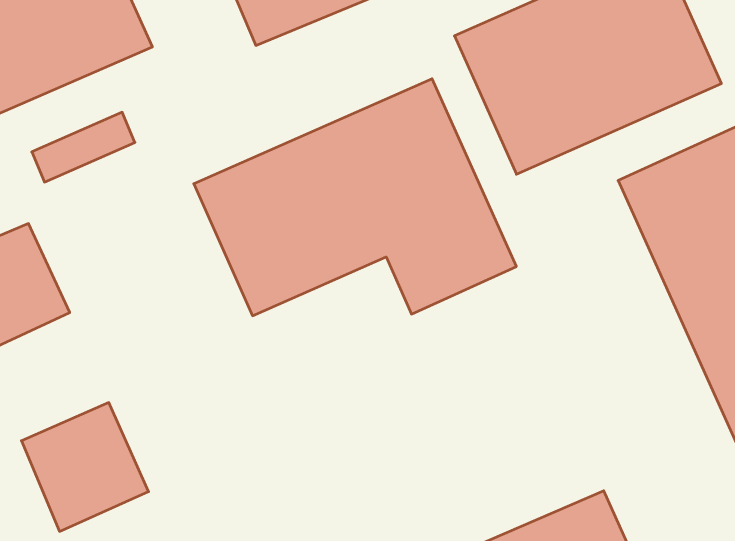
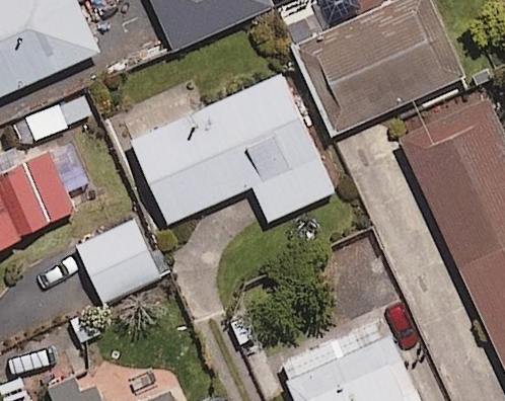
building: [21,403,149,531] -> [76,222,157,304]

